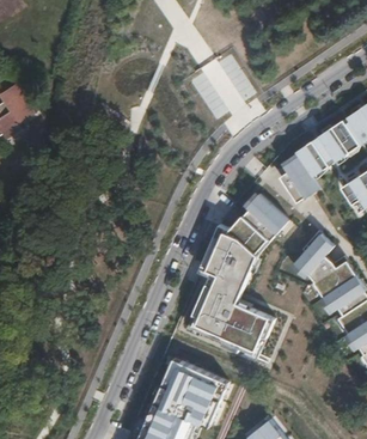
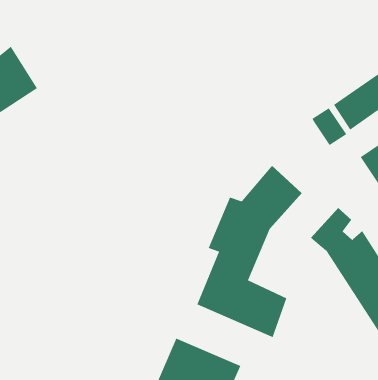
building: [280,156,319,205] -> none

